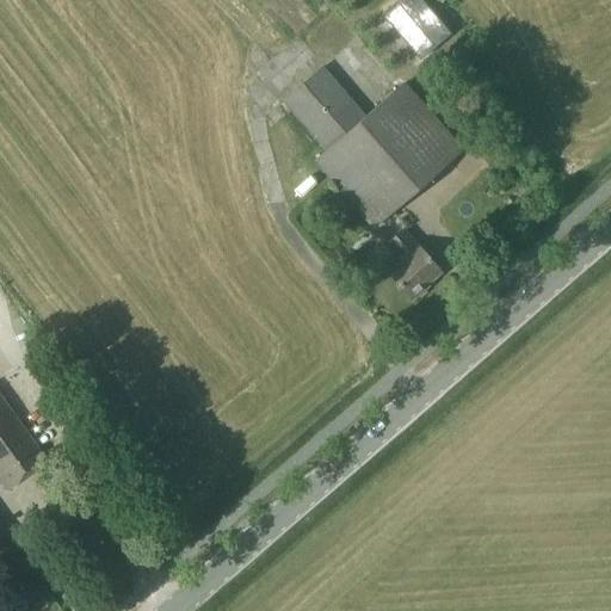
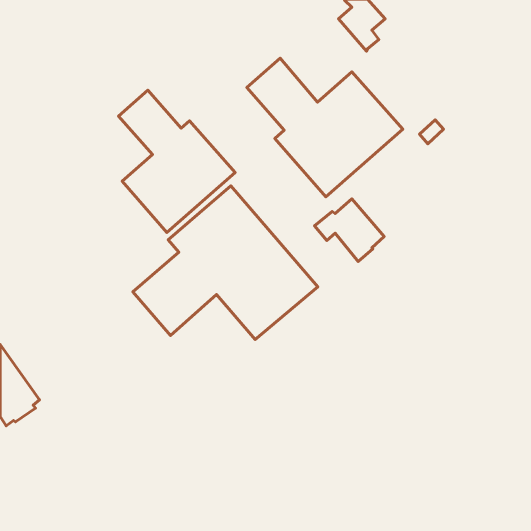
building: none -> [118,90,235,233]
building: none -> [133,186,318,340]

